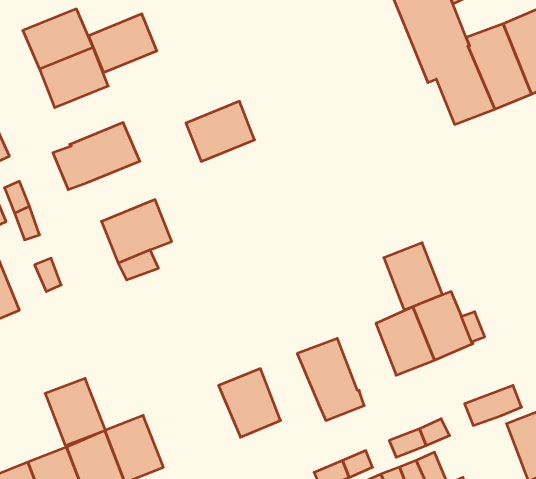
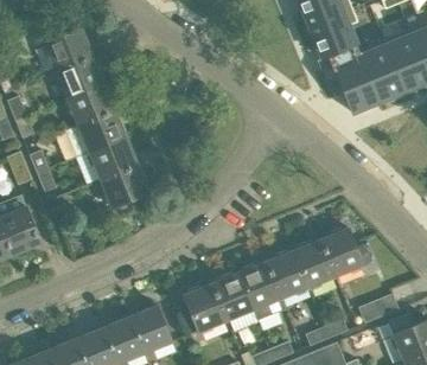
building: [88,14,157,73] -> [66,83,115,124]
building: [186,101,255,161] -> [89,136,138,179]
building: [384,243,442,310] -> [267,251,308,299]
building: none -> [212,273,254,320]
building: [45,378,105,445] -> [129,306,172,353]

